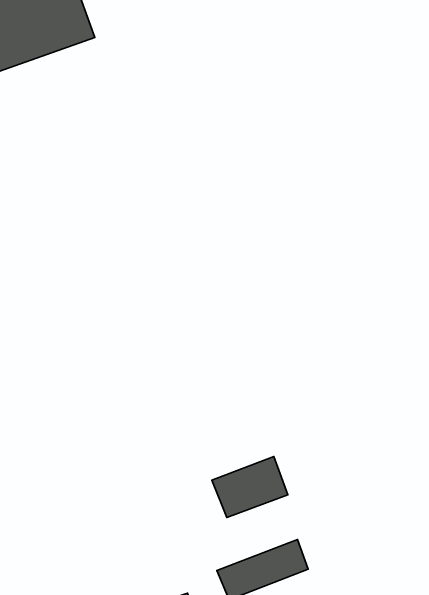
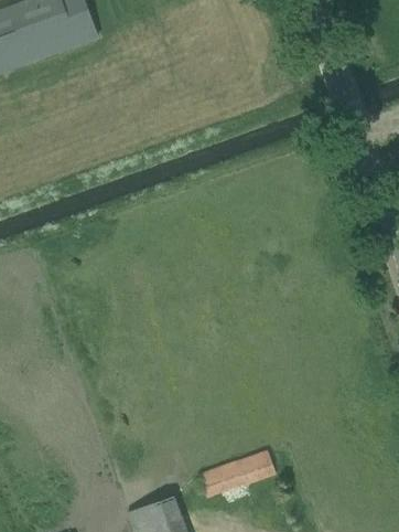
building: [212,456,288,517] -> none

